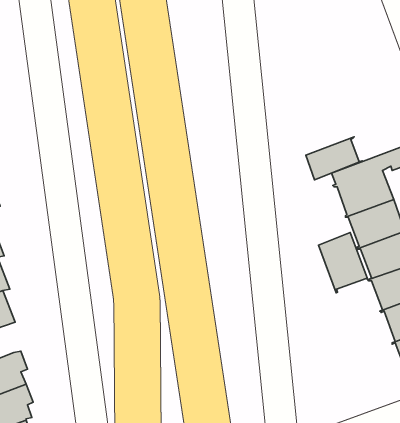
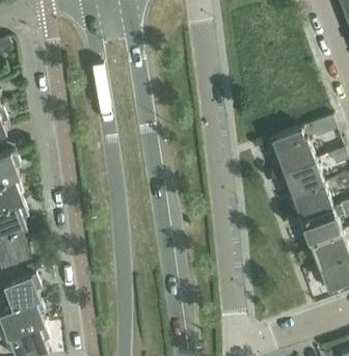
building: [306,137,362,180] -> none
building: [319,233,368,293] -> none

